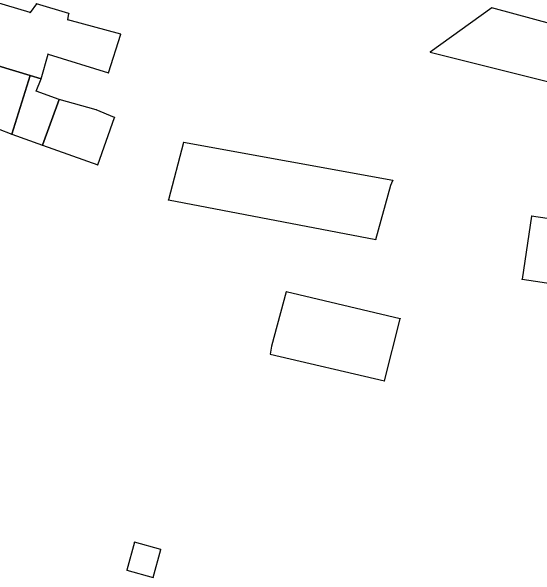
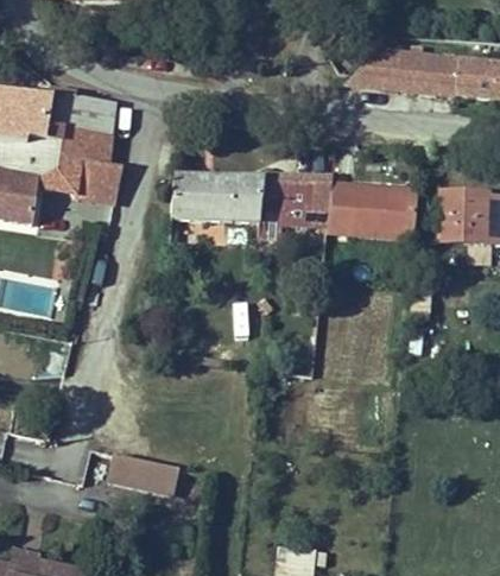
building: none -> [61,126,112,162]
building: [270,292,400,381] -> [327,184,418,239]
building: none -> [108,455,178,495]

